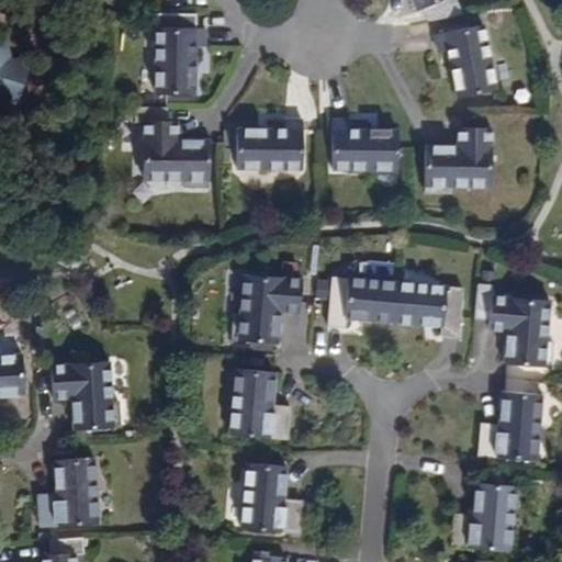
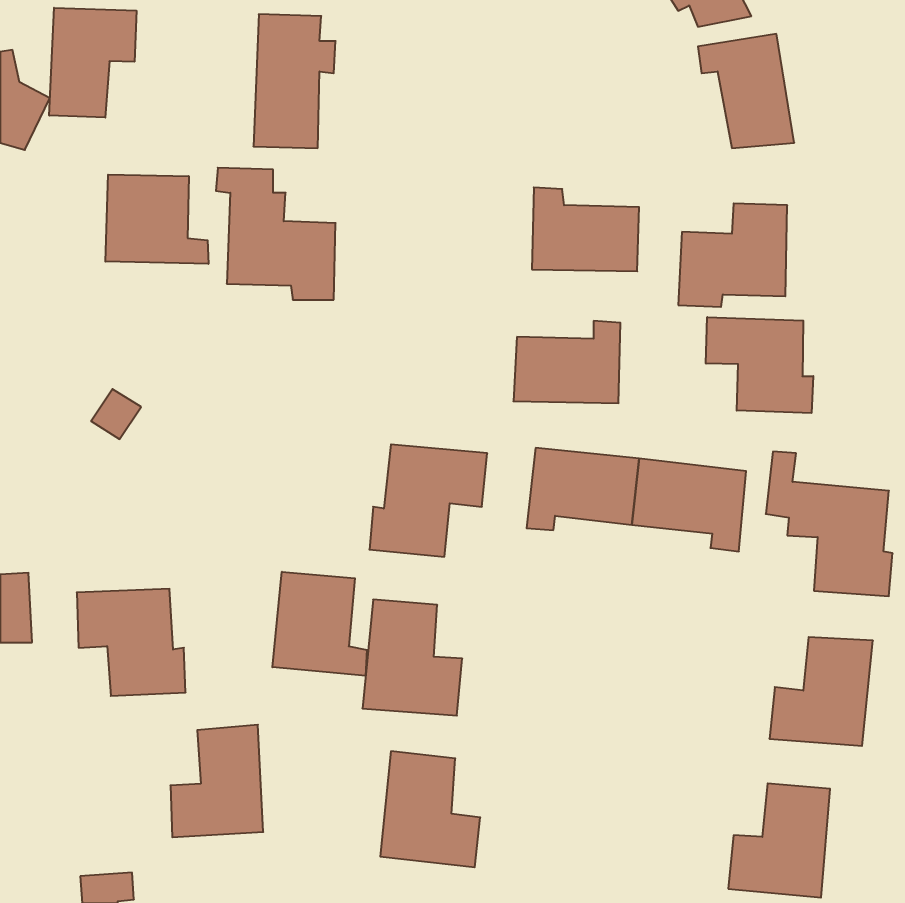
building: none -> [49,8,136,118]
building: none -> [105,175,208,264]
building: [237,114,303,165] -> [513,321,620,403]
building: none -> [706,317,813,413]
building: none -> [272,572,367,676]
building: [43,457,100,526] -> [170,725,263,837]

